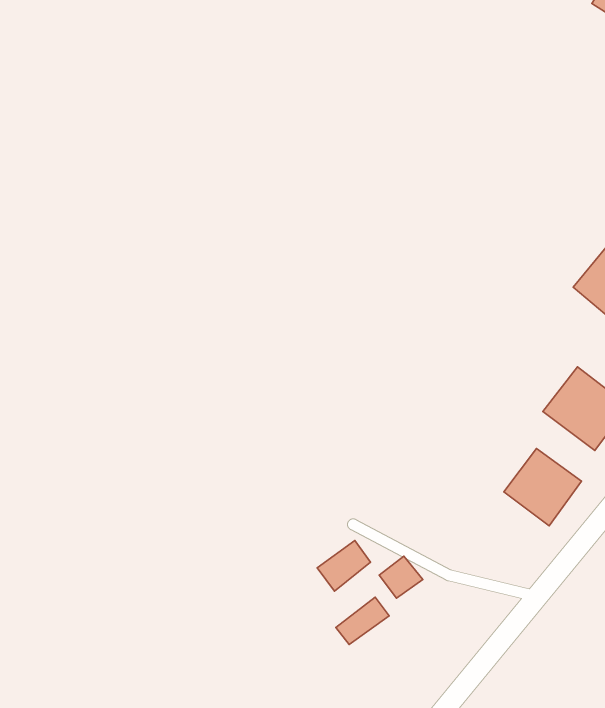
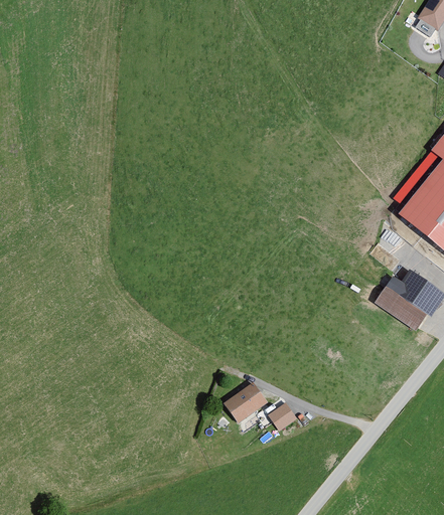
building: [504,448,582,526] -> none
building: [336,597,389,645] -> none

